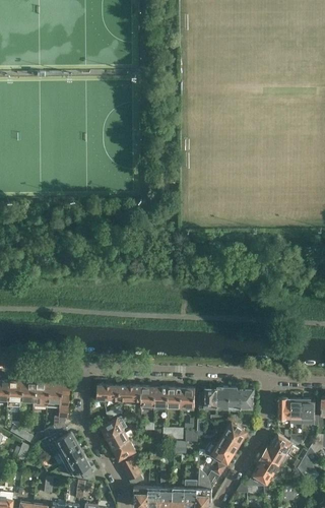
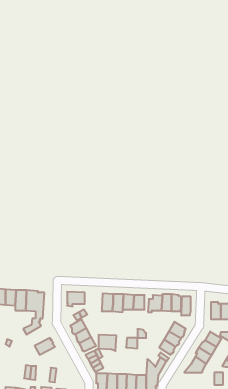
building: [120,385,142,405] -> [99,335,116,351]
building: [41,427,76,452] -> none
building: [63,453,92,479] -> none

